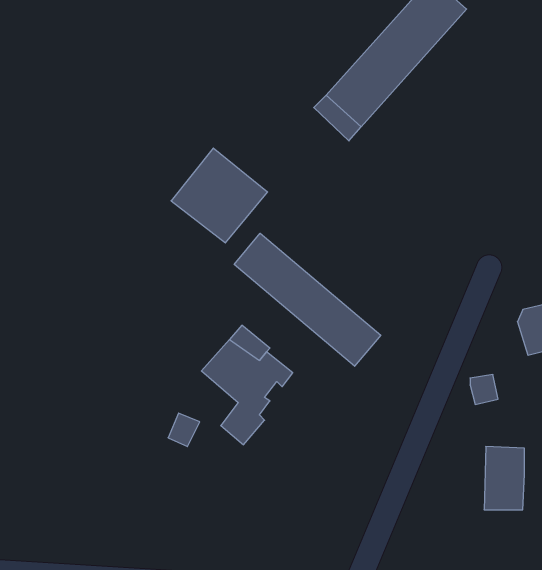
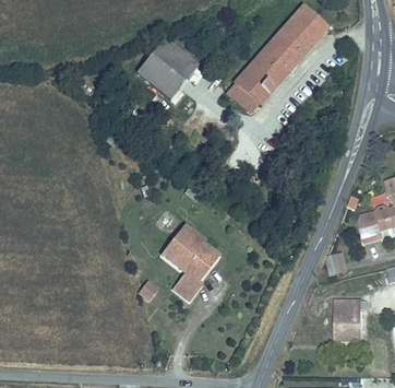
building: [171,148,268,243] -> [140,37,200,96]
building: [234,233,381,366] -> none

